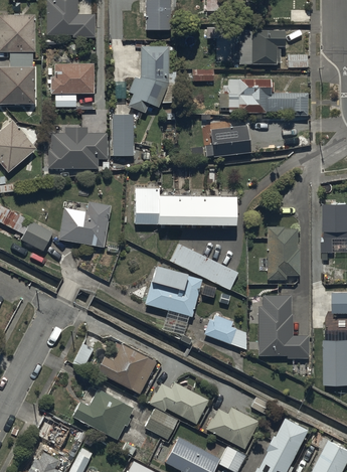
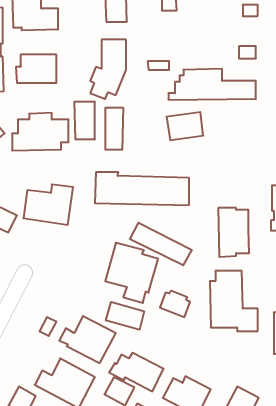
building: [234,30,284,62] -> none
building: none -> [105,108,123,150]
building: none -> [106,302,144,330]

